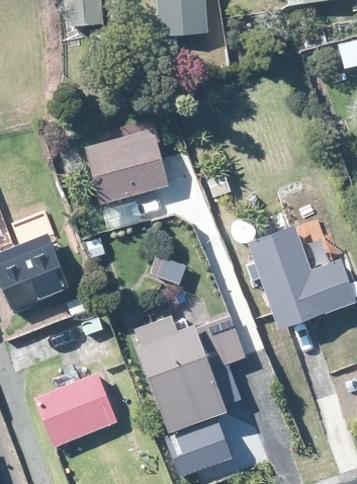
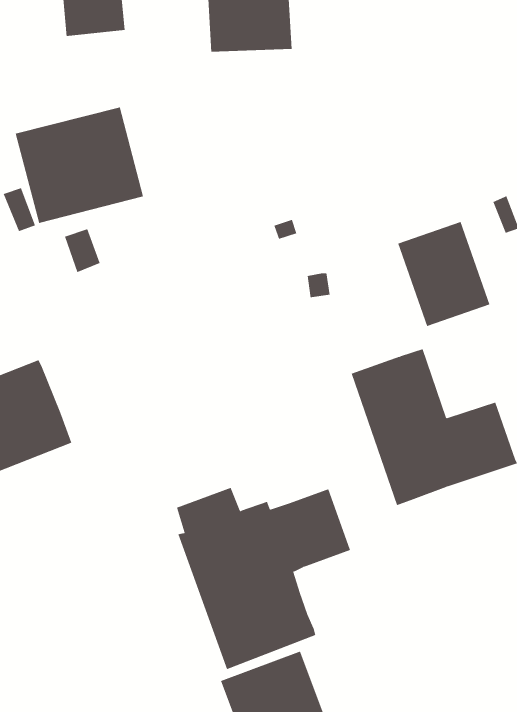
building: [87,129,170,204] -> [15,107,144,223]
building: none -> [398,221,490,327]
building: [33,371,117,447] -> none

